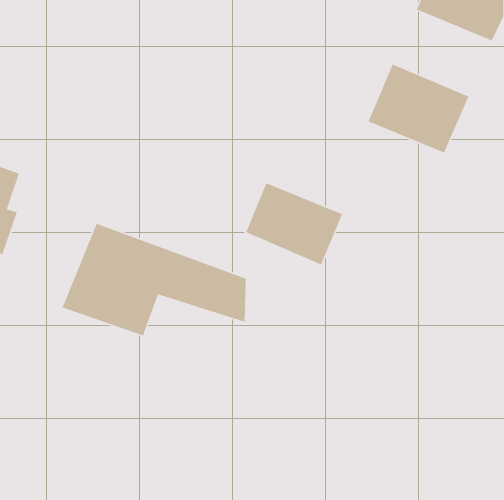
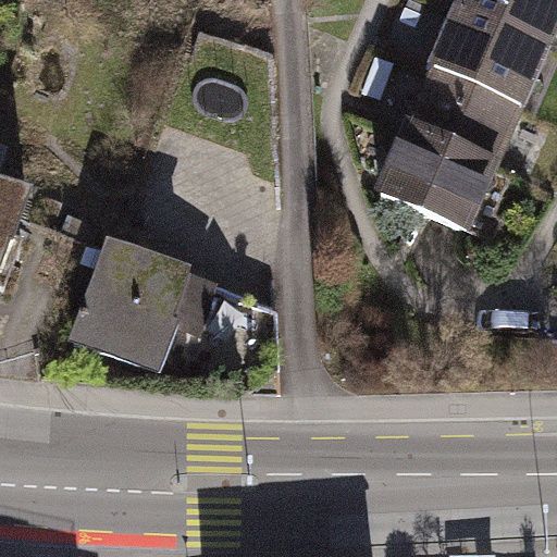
building: none -> [431,11,541,106]
building: [245,182,343,265] -> [381,134,488,225]

